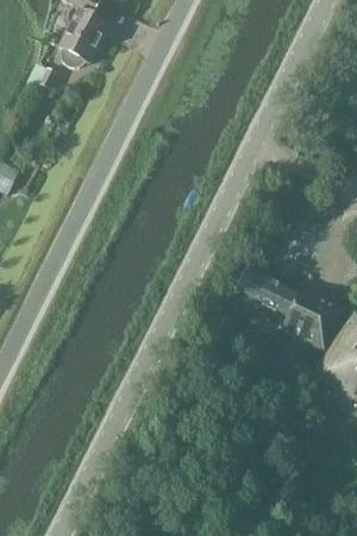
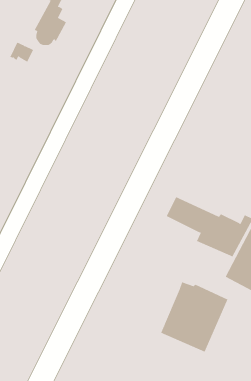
building: none -> [160,281,228,352]

